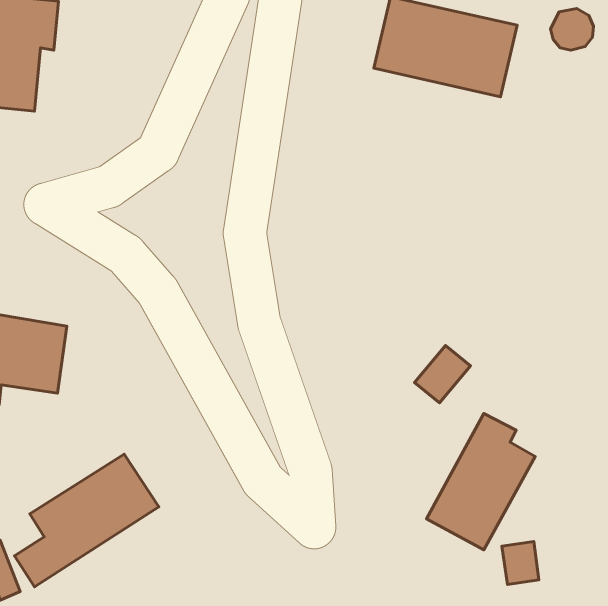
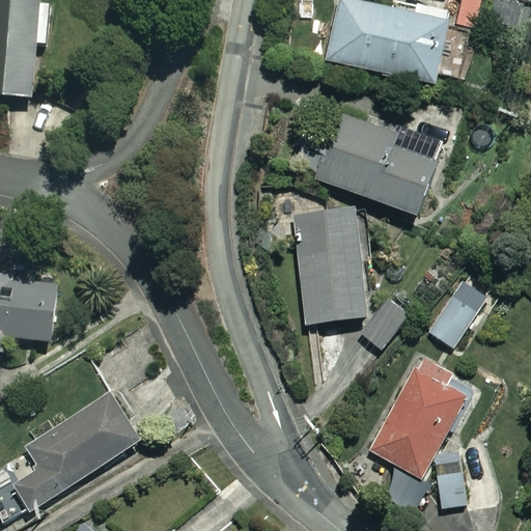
building: none -> [317,110,440,214]
building: none -> [294,205,366,323]
building: none -> [424,270,494,346]

